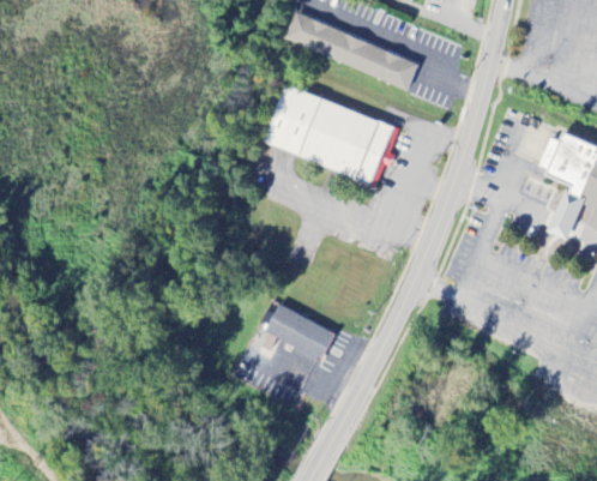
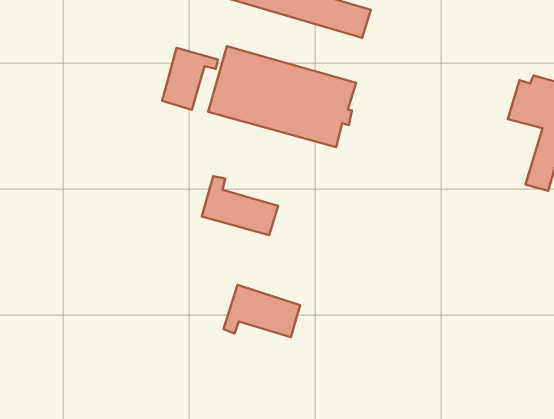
building: none -> [162,48,218,110]
building: none -> [202,176,278,235]

